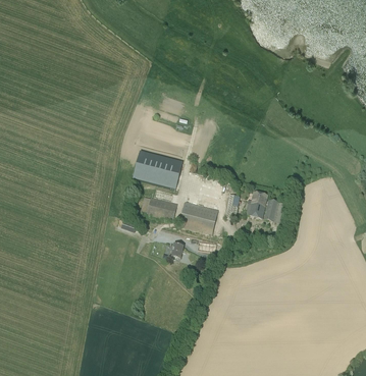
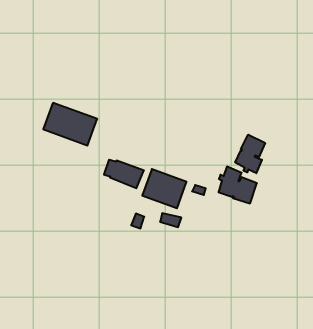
building: [133,152,181,187] -> [43,103,97,145]
building: none -> [235,135,265,173]

